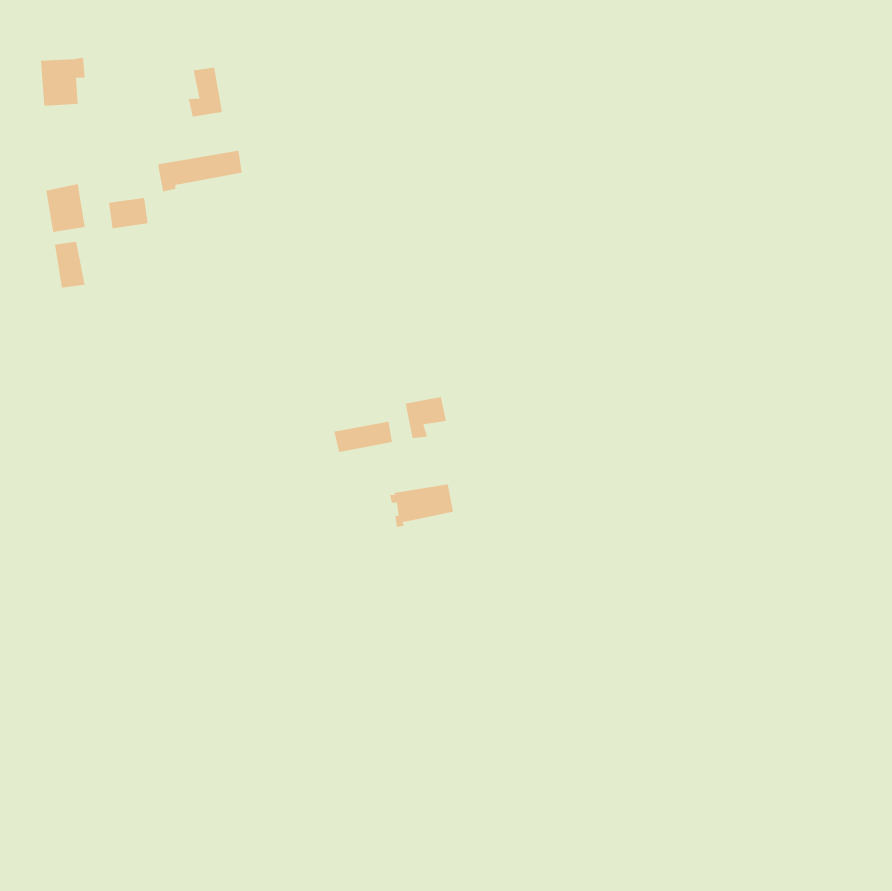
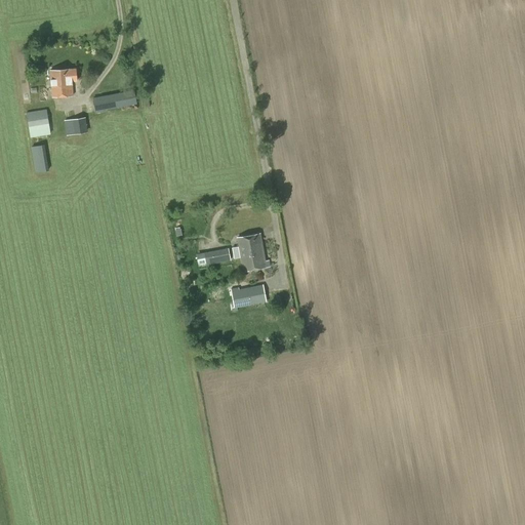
building: [40,57,85,106] -> [50,68,77,96]
building: [188,67,223,118] -> none
building: none -> [242,247,270,271]

